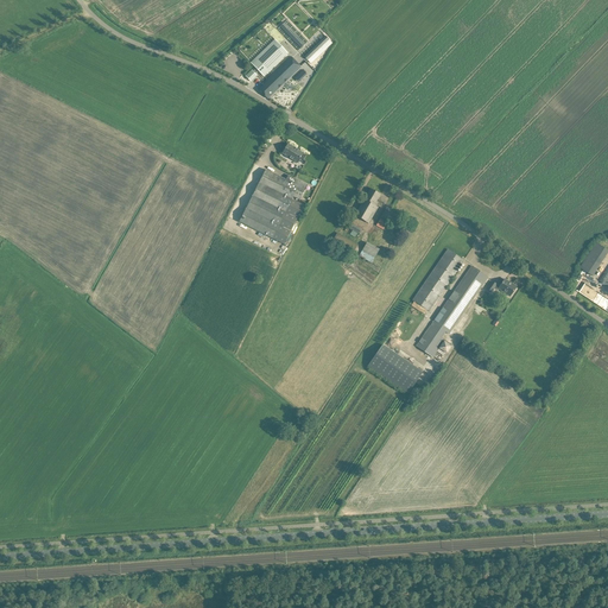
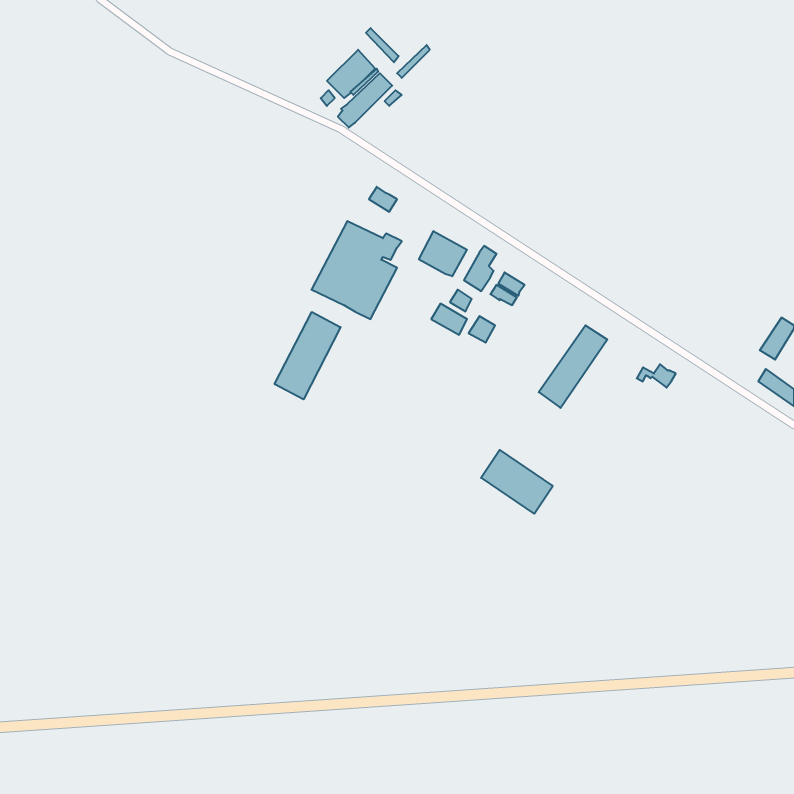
building: none -> [419,231,467,276]
building: none -> [275,312,341,399]
building: [416,265,487,357] -> none

